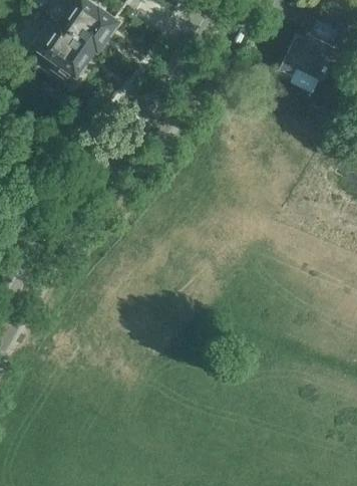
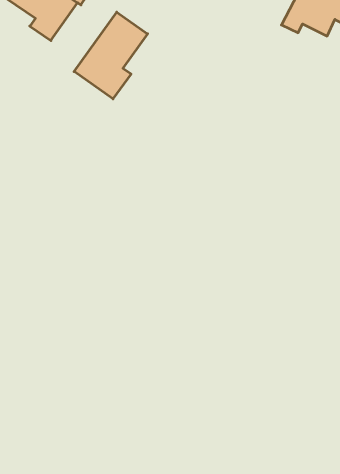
building: none -> [74,12,148,99]

